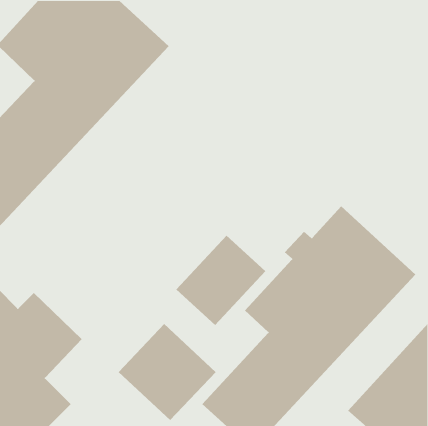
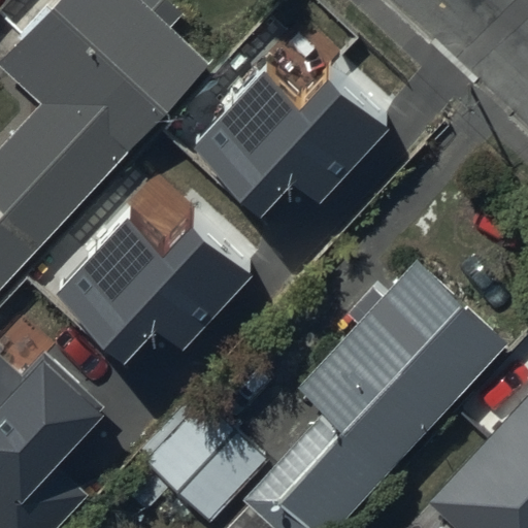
building: none -> [191,65,394,217]
building: none -> [54,216,256,362]
building: [176,235,266,326] -> none

